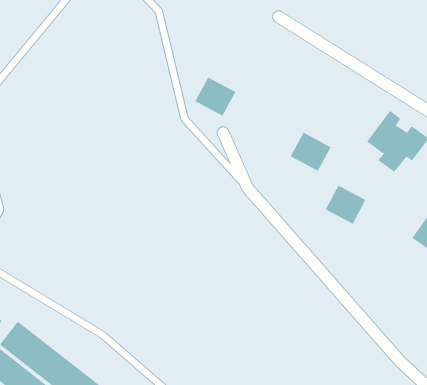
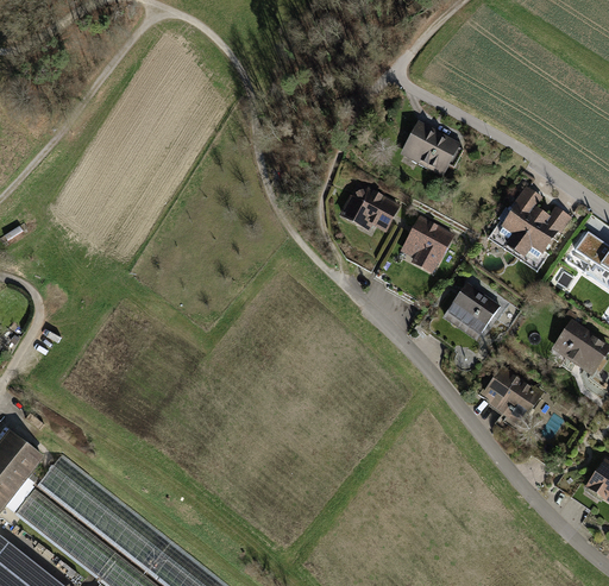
building: none -> [400,122,452,172]
building: [195,77,236,116] -> [349,185,401,235]
building: none -> [485,367,544,421]

